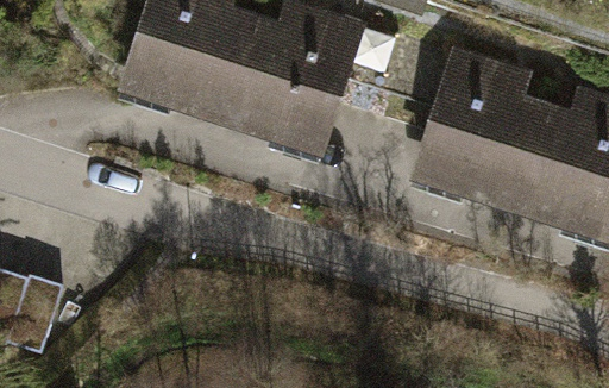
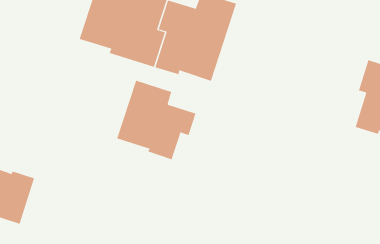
building: [417,55,547,209] -> none
building: none -> [117,80,196,160]

